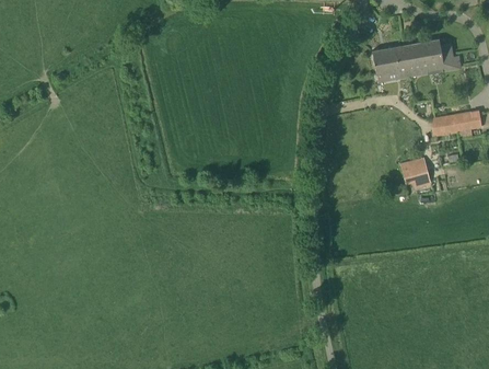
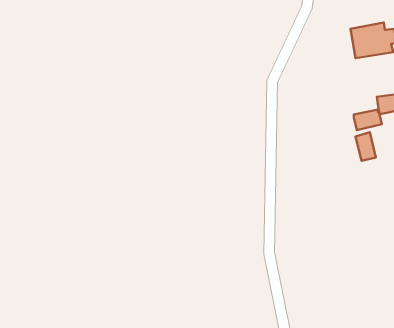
building: [372,45,409,79] -> none
building: none -> [354,110,382,130]

